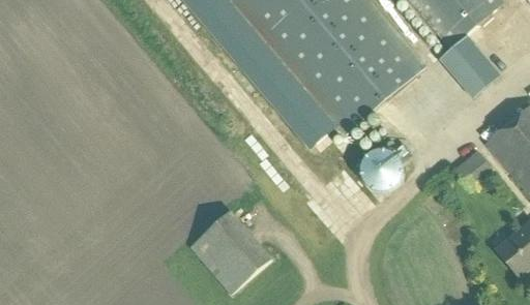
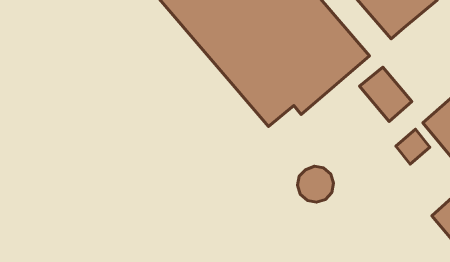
building: [440,36,500,98] -> [360,67,412,121]
building: [361,149,403,190] -> [297,166,334,202]
building: [188,211,271,294] -> none

